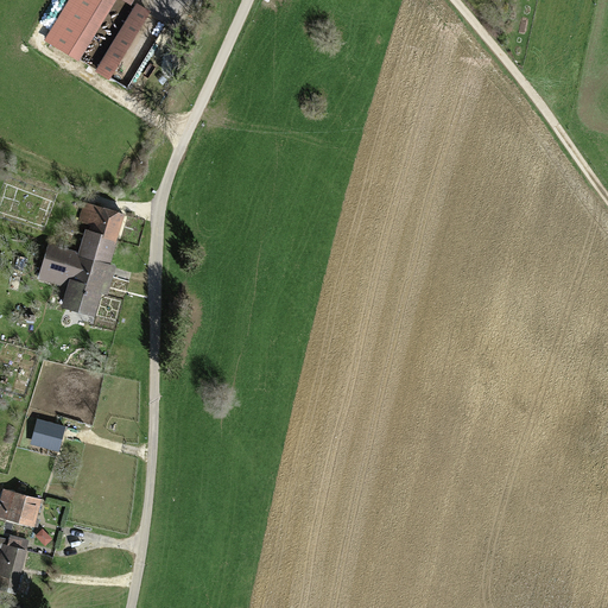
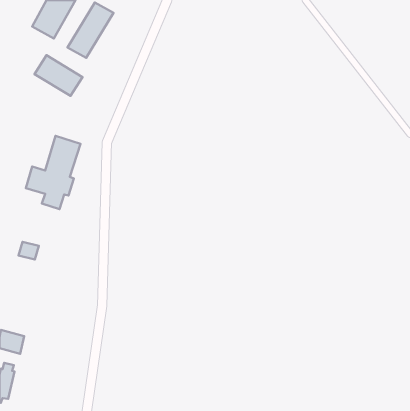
building: none -> [35,55,83,96]
building: [33,422,63,448] -> [19,242,39,259]

